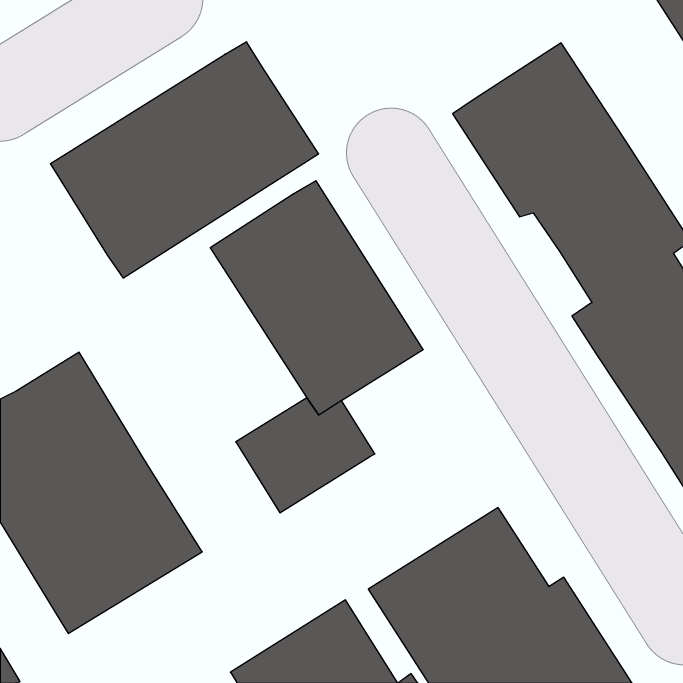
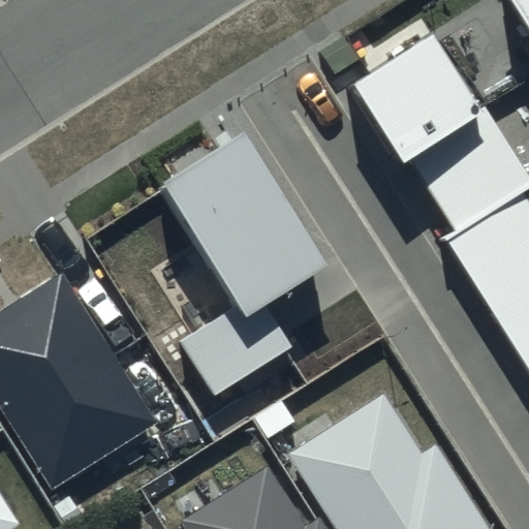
building: [50,42,318,278] -> none

